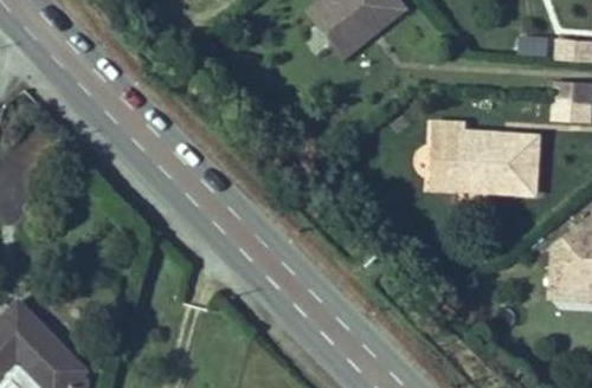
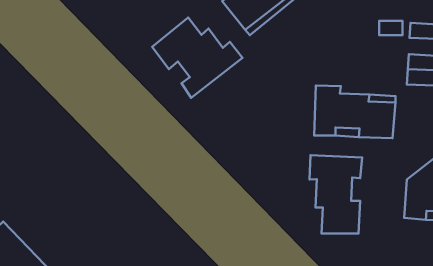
building: none -> [152,17,242,98]
building: none -> [309,155,362,234]

